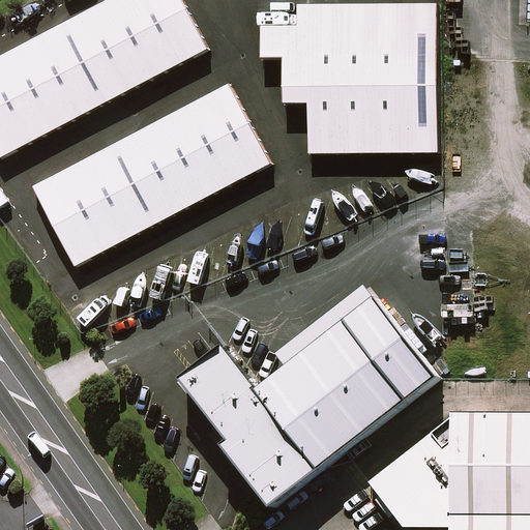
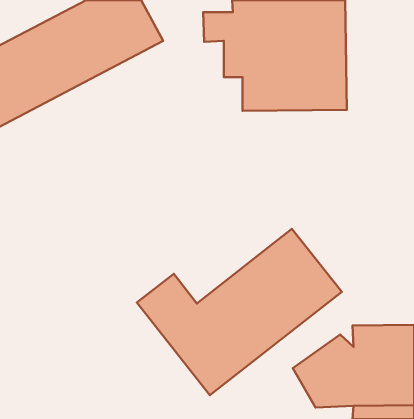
building: [31,87,269,268] -> none

